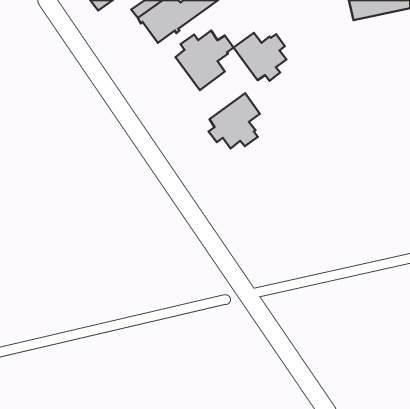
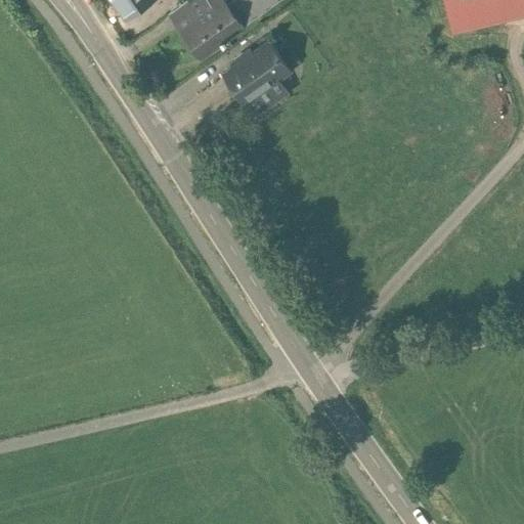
building: [234,33,287,81] -> none
building: [209,93,260,149] -> none

